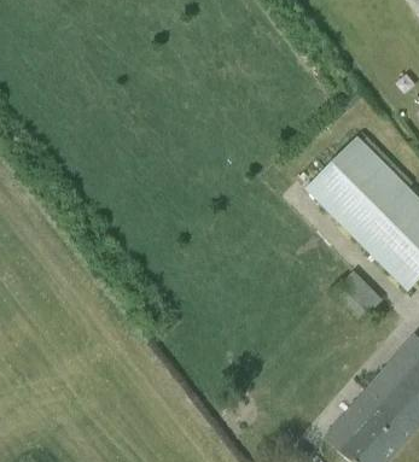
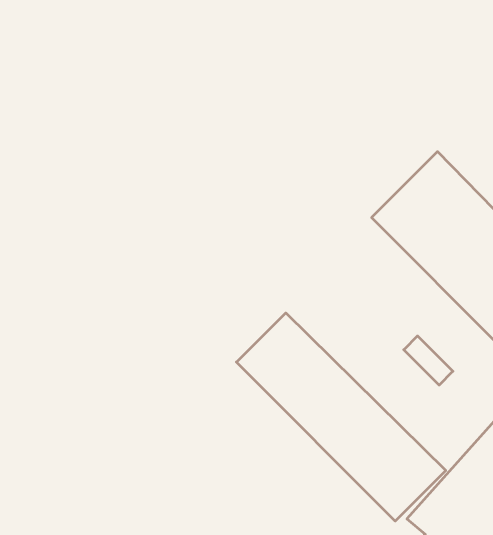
building: none -> [236,313,446,521]

